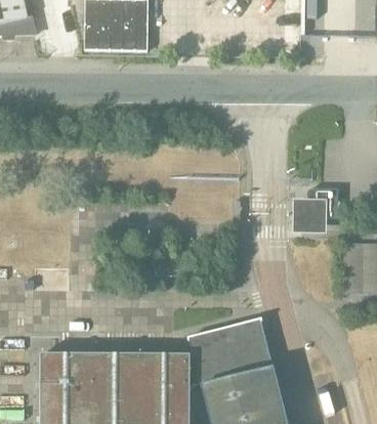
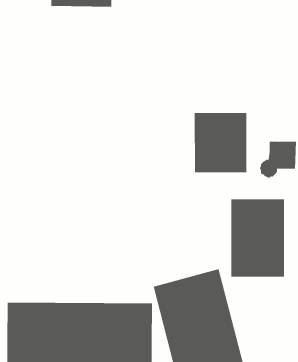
building: none -> [194,112,247,173]
building: none -> [231,199,285,278]

